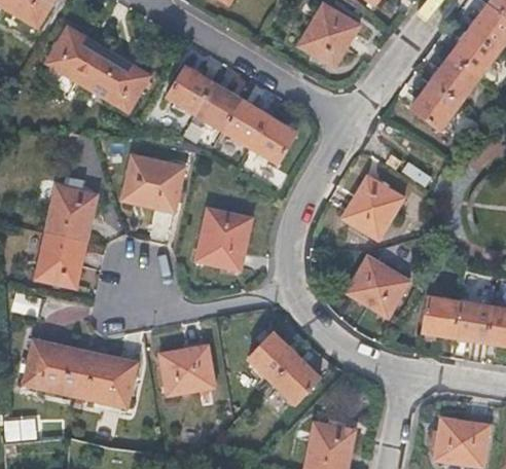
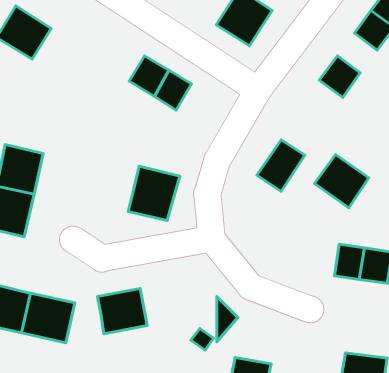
building: [85,51,147,110] -> none
building: [432,57,477,102] -> none
building: [167,65,213,111] -> none
building: [249,114,294,161] -> none
building: [123,155,183,210] -> none
building: [352,257,413,318] -> [315,154,369,208]
building: [248,336,295,384] -> none

